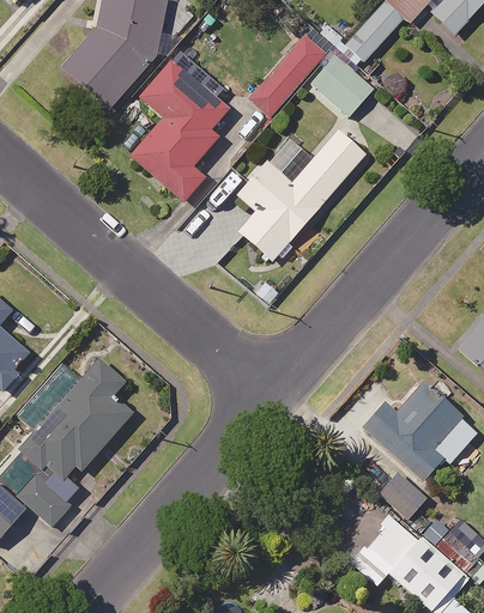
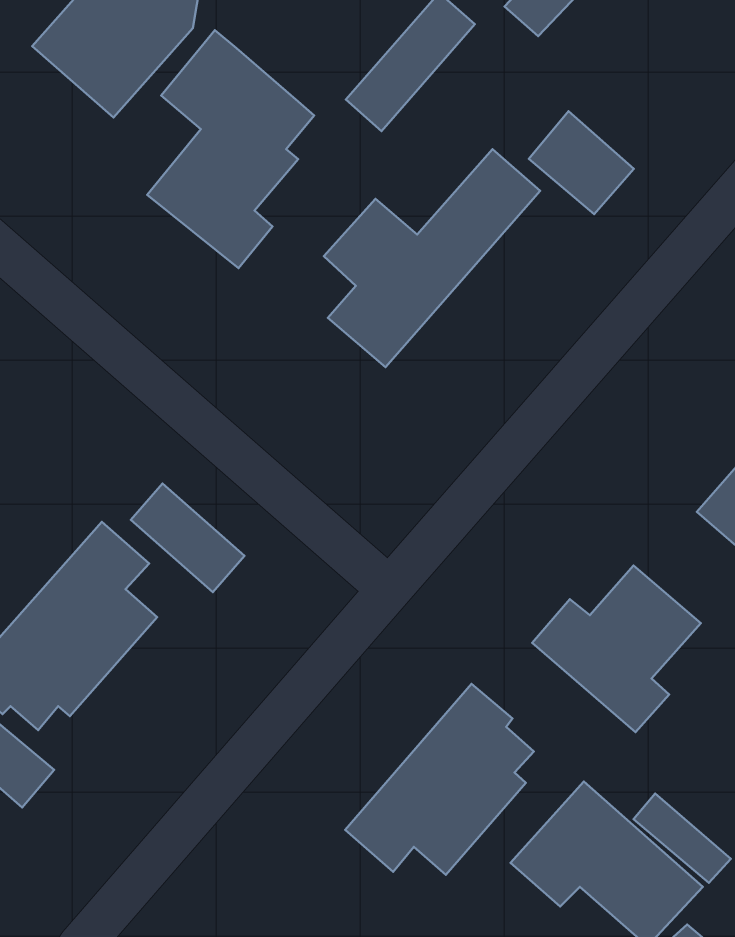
building: [310,54,374,116] -> [529,111,634,214]
building: none -> [131,484,244,592]
building: none -> [345,684,534,875]
building: [379,471,428,520] -> none

